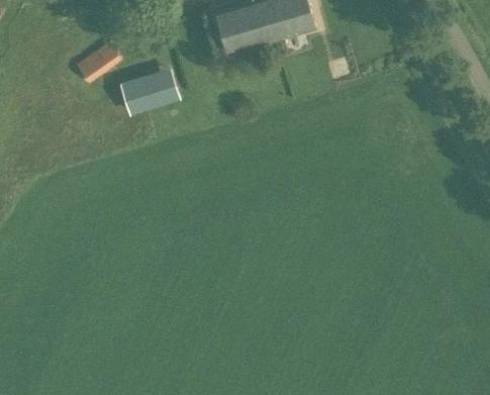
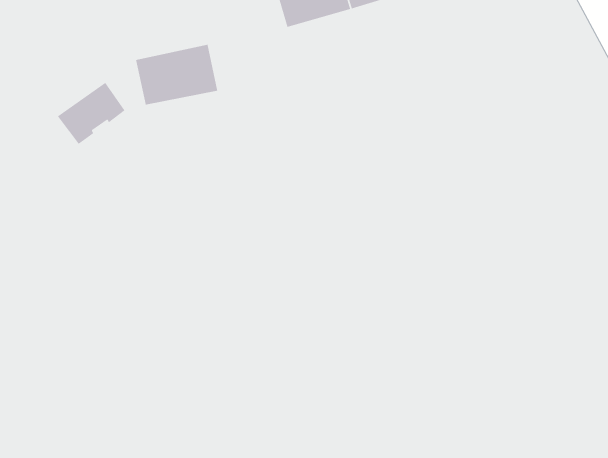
building: [74,42,122,87] -> [57,82,126,145]

